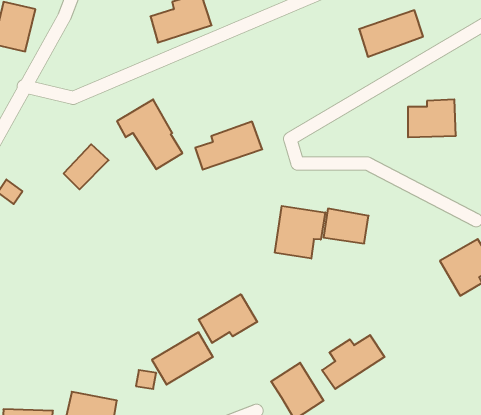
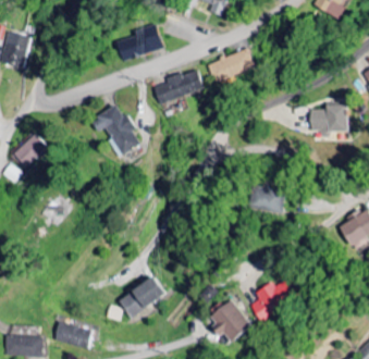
building: [359,10,423,57] -> [209,48,257,83]
building: [195,122,262,170] -> [155,67,205,103]
building: [64,144,109,189] -> [14,133,48,166]
building: [275,206,325,259] -> none
building: [199,294,257,343] -> none

